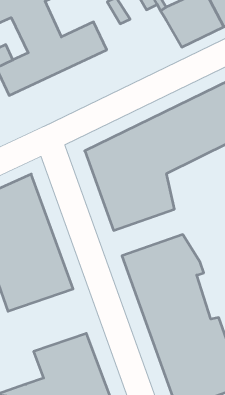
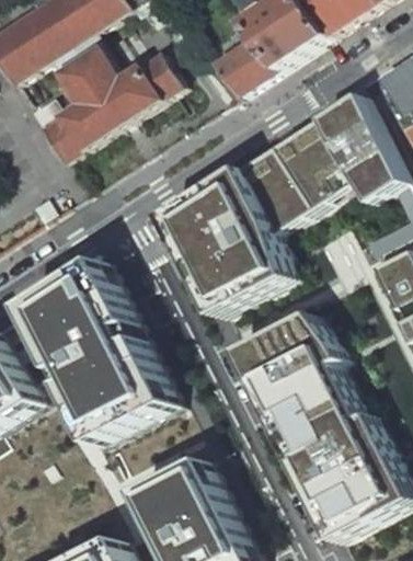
building: none -> [211,36,277,94]

